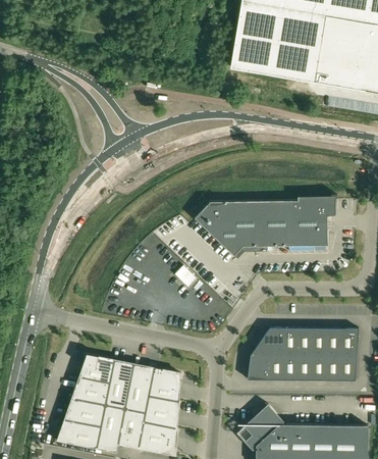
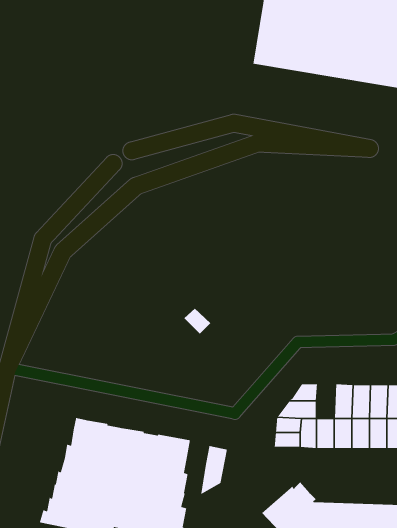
building: [195,196,336,256] -> none
building: [282,327,298,356] -> none
building: none -> [200,445,228,495]

